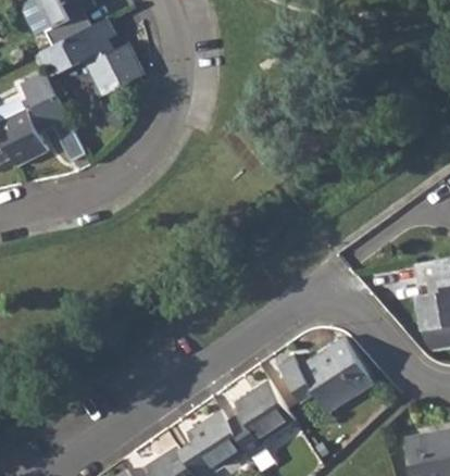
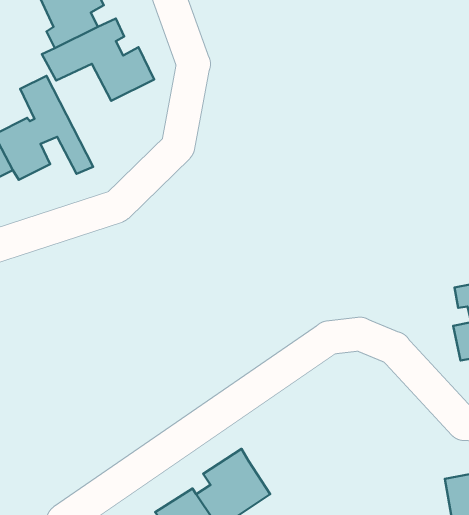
building: [279,338,372,412] -> none
building: [227,379,295,458] -> none

